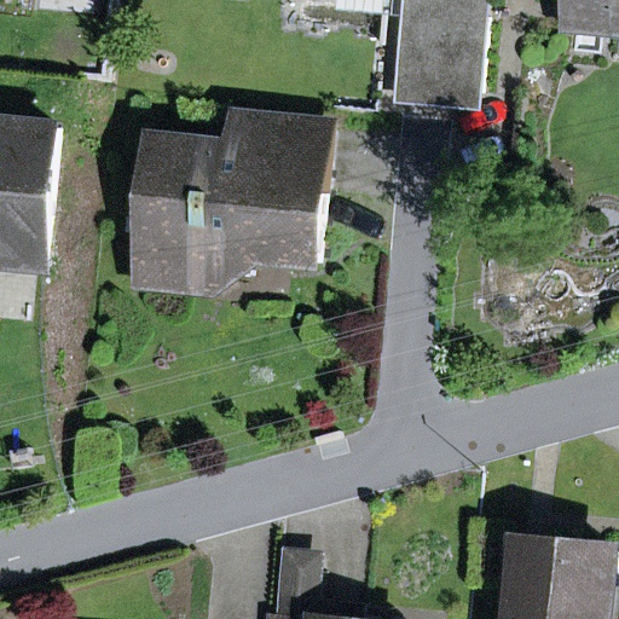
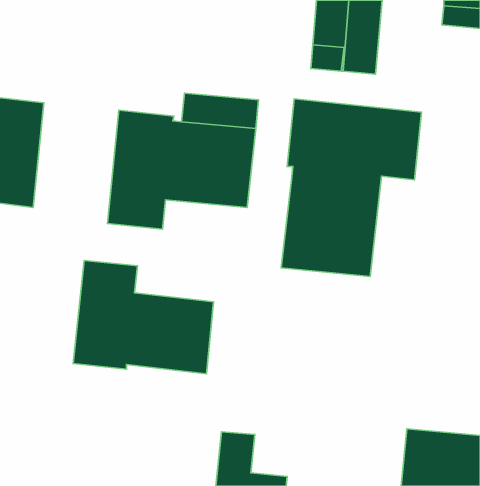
building: none -> [281,99,422,277]
building: none -> [73,260,214,374]

